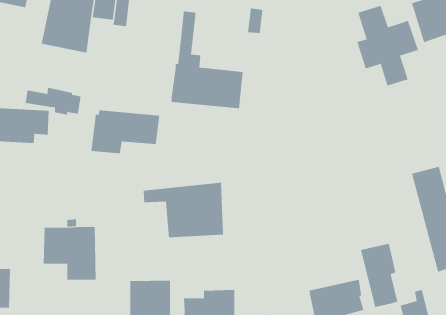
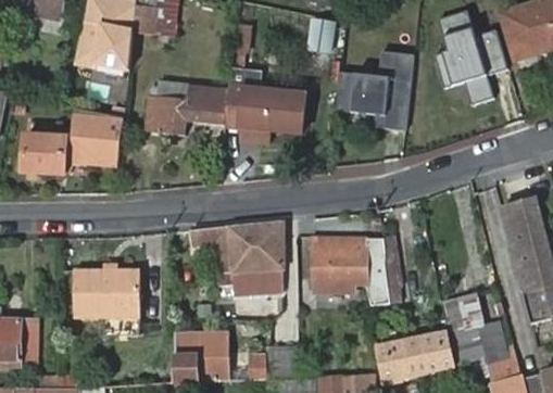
building: none -> [335,50,416,131]
building: [90,110,160,154] -> [148,81,228,132]
building: none -> [311,237,387,305]

